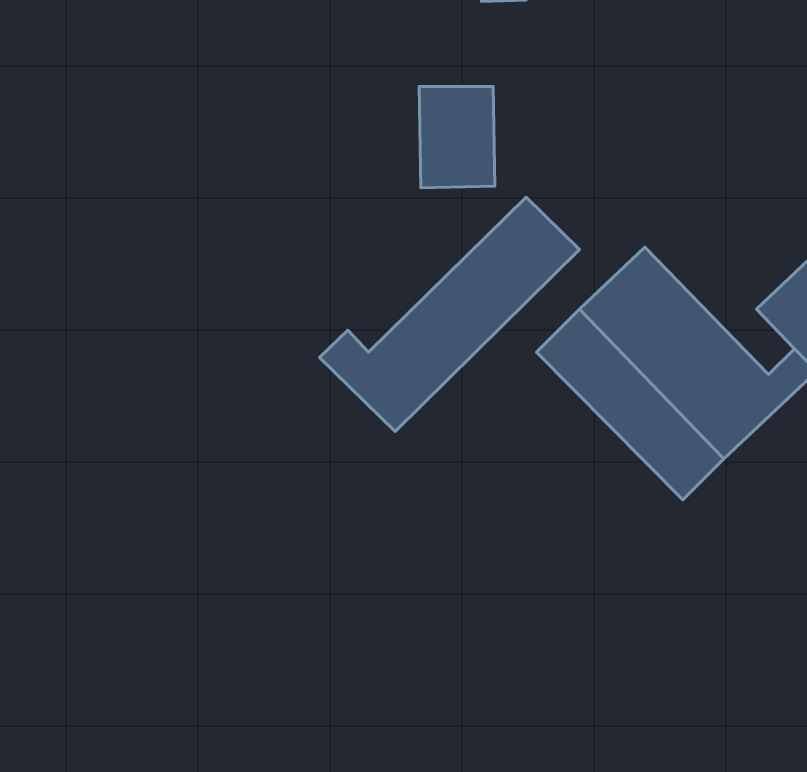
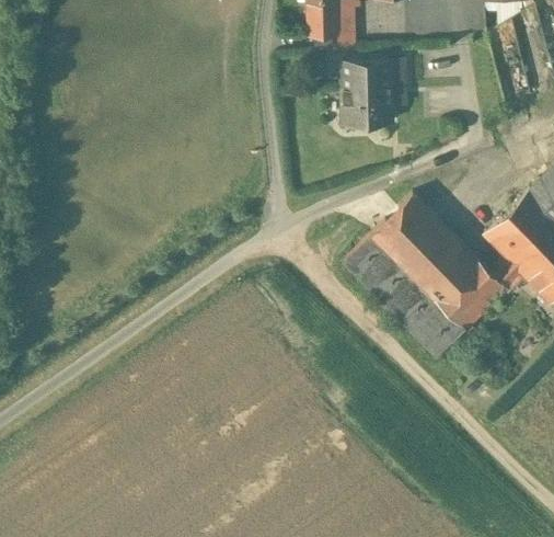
building: [419,86,495,188] -> [343,61,391,126]
building: [319,197,579,432] -> none

